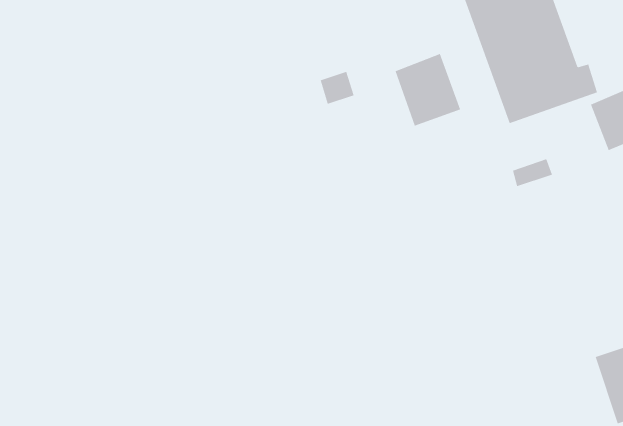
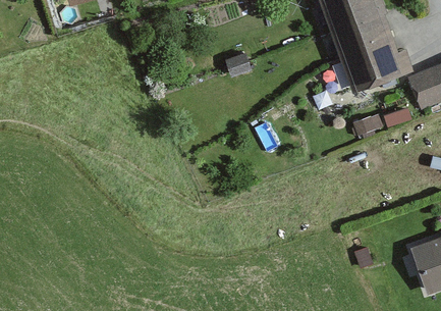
building: [395,53,461,127] -> none

